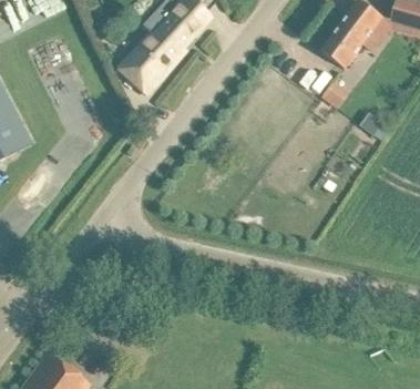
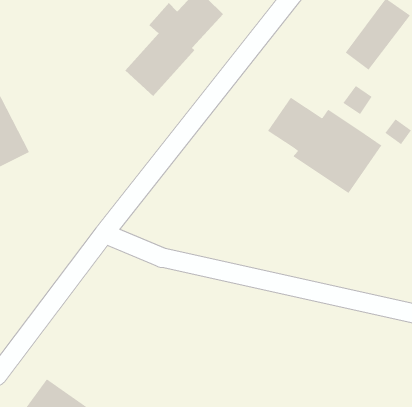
building: none -> [267,97,382,194]

